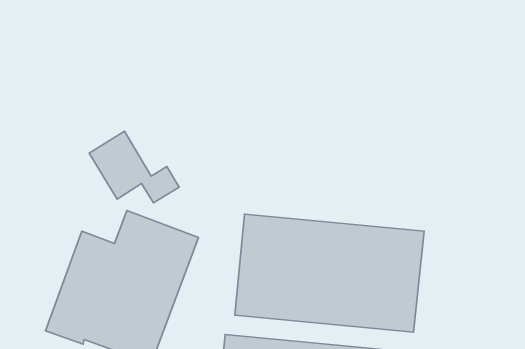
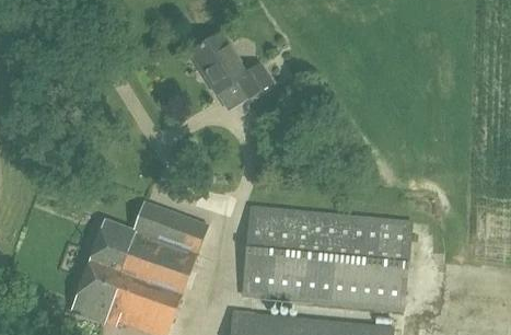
building: [89,131,179,203] -> [190,32,271,96]

